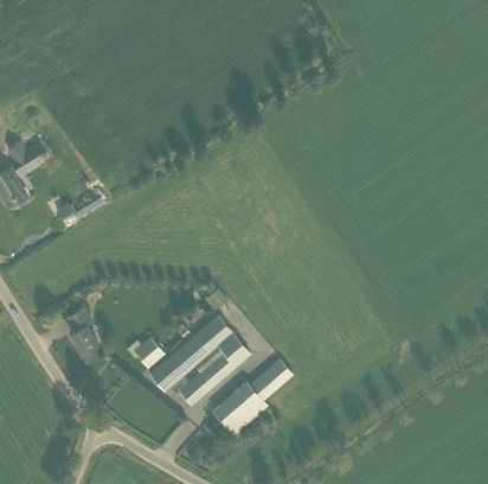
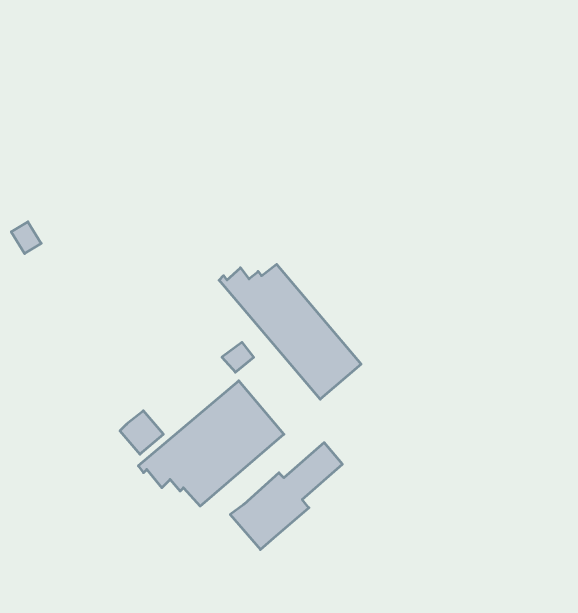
building: none -> [219,264,361,399]
building: [68,305,97,361] -> none

